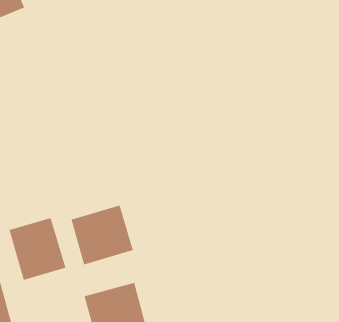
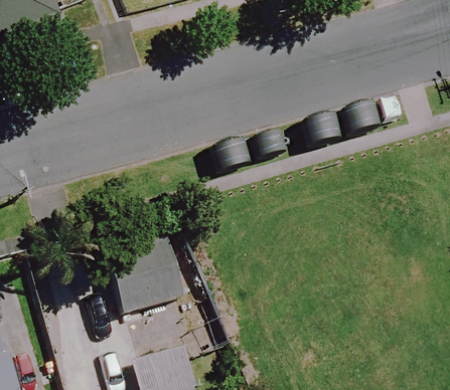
building: [9,217,66,281] -> none

